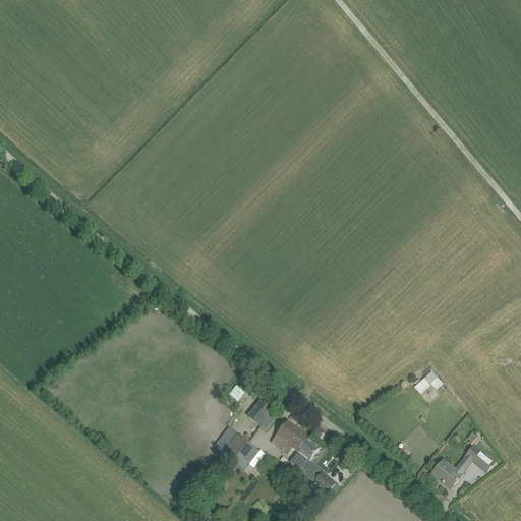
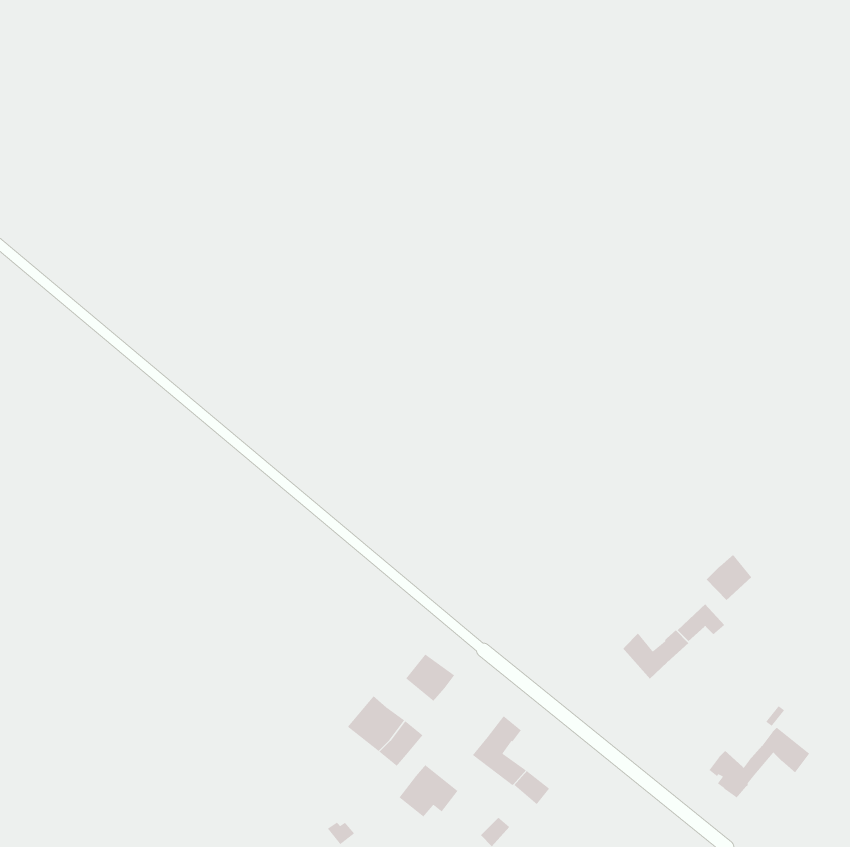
building: none -> [706,554,752,601]
building: none -> [622,629,689,680]
building: [271,420,307,453] -> [399,764,459,817]

